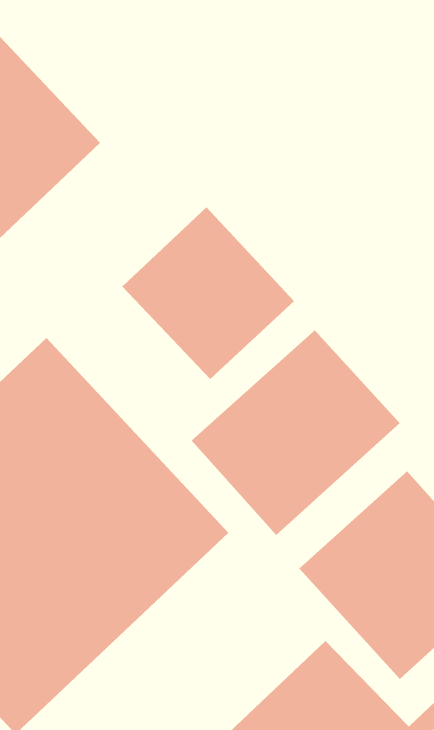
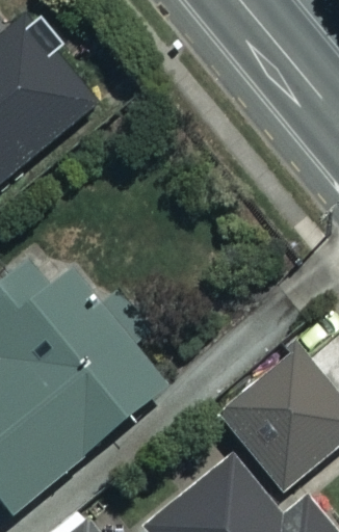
building: [122,207,295,380] -> none
building: [191,329,401,536] -> none

